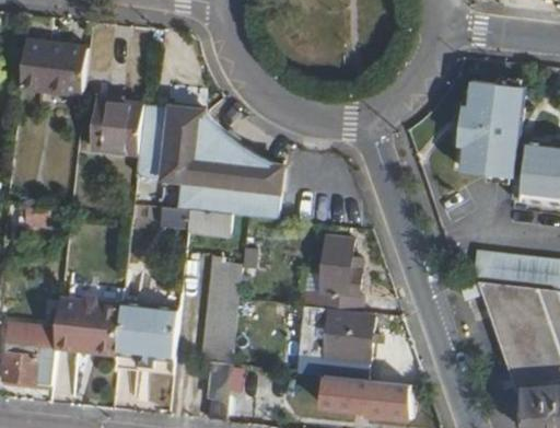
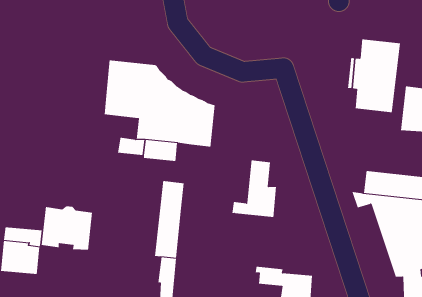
building: [19,41,85,92] -> none
building: [90,101,142,152] -> none
building: [116,299,179,367] -> none
building: [299,305,373,378] -> none

